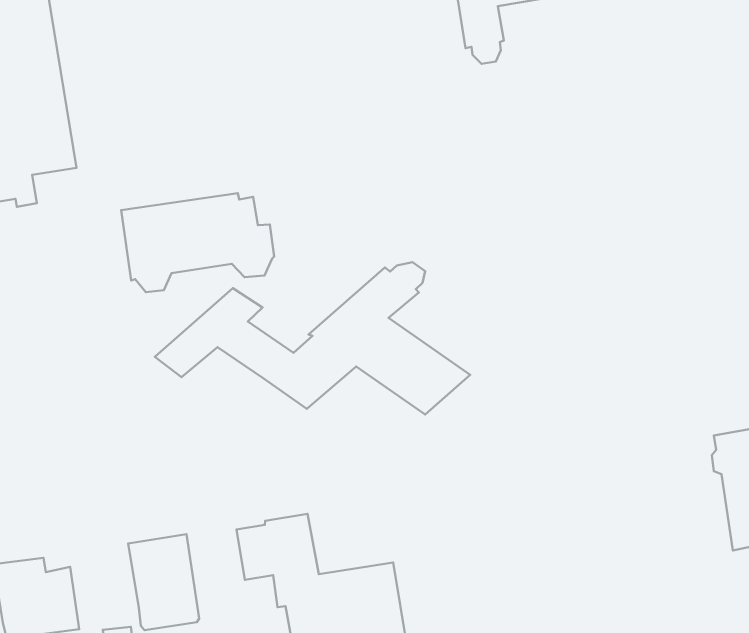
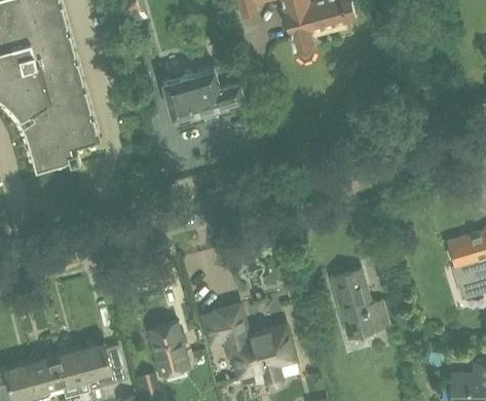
building: [121,193,274,292] -> [161,68,244,124]
building: [155,262,470,415] -> none
building: none -> [330,270,386,341]

